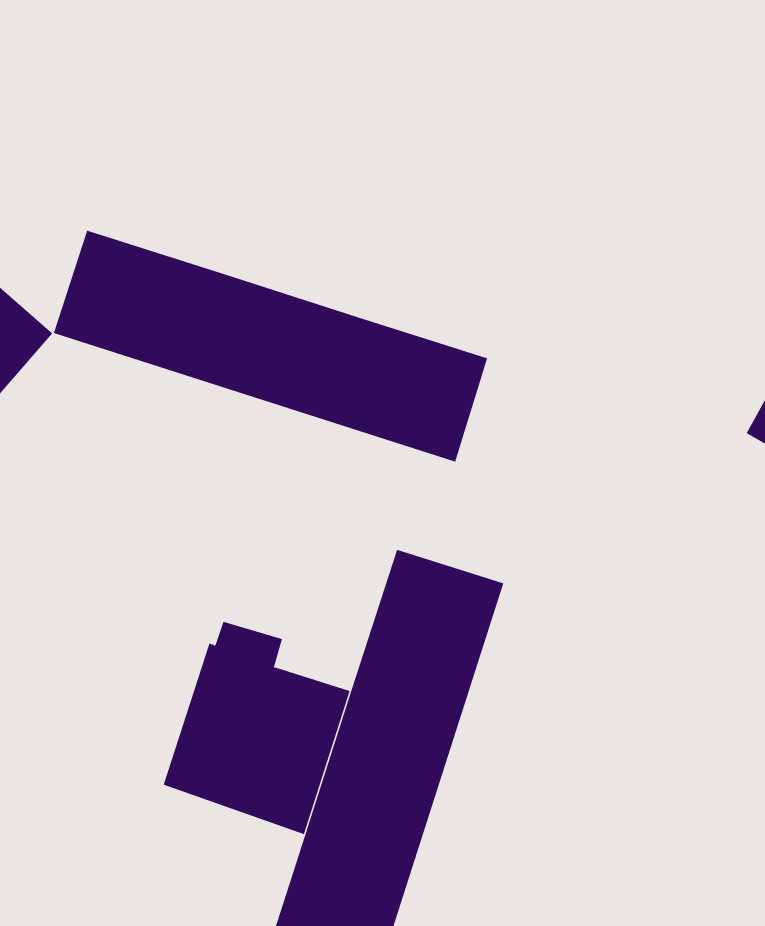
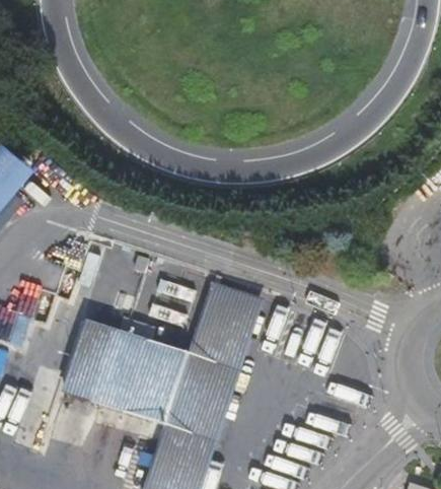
building: [53,230,488,463] -> none
building: none -> [60,320,114,401]

